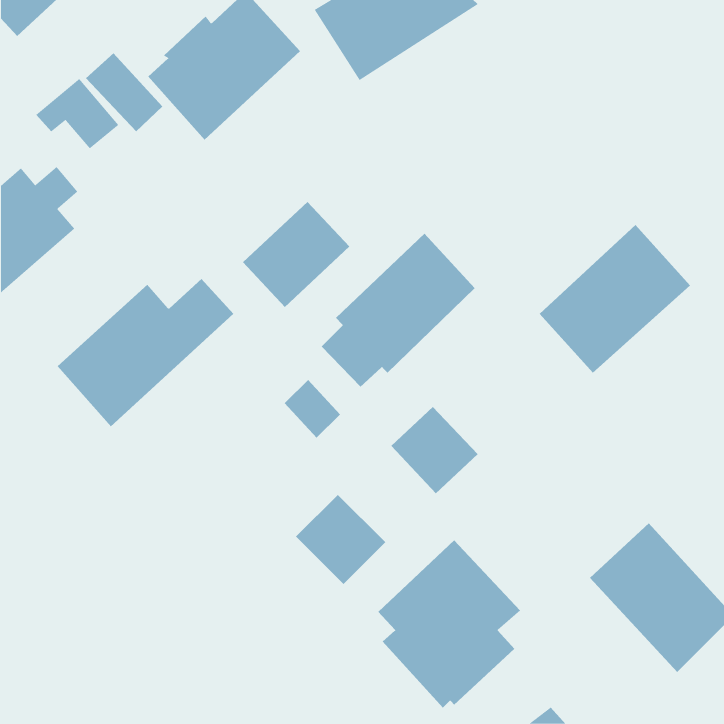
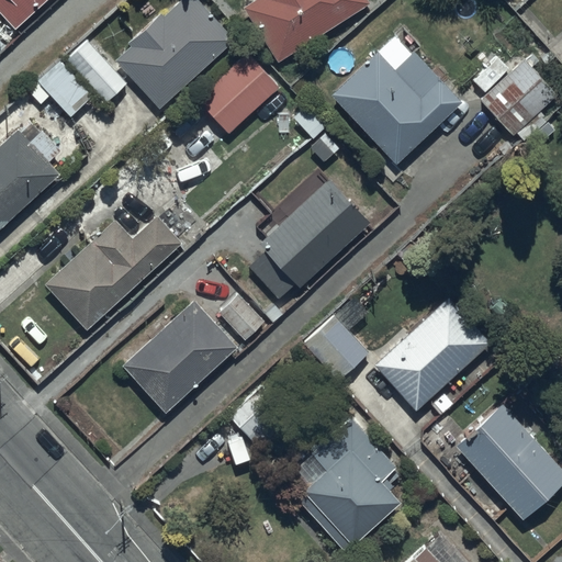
building: none -> [330,35,462,164]
building: none -> [482,60,557,134]
building: [242,201,350,308] -> [196,50,280,133]
building: [539,224,691,373] -> [374,295,492,411]
building: none -> [122,300,236,412]

